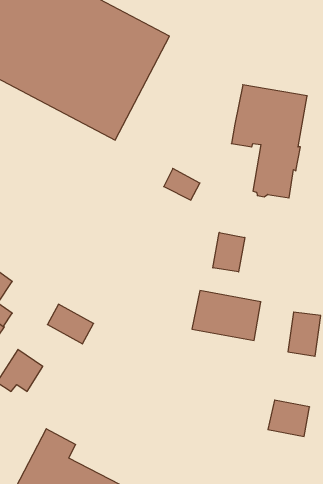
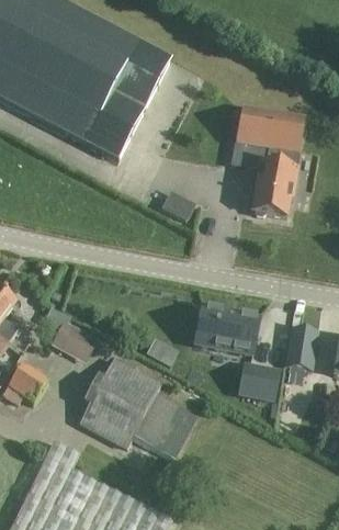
building: [213,232,245,272] -> none
building: none -> [81,358,197,459]
building: [268,400,310,436] -> [238,363,279,398]

